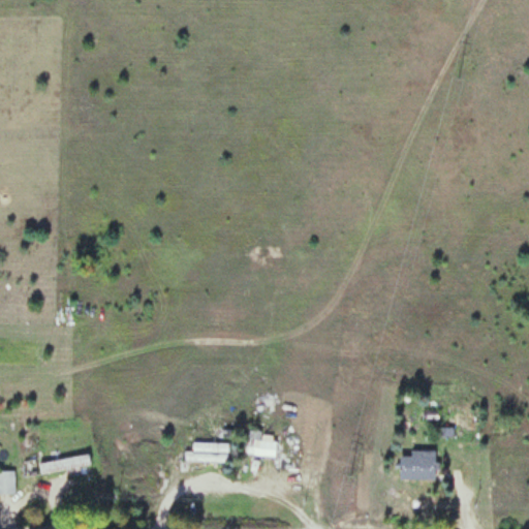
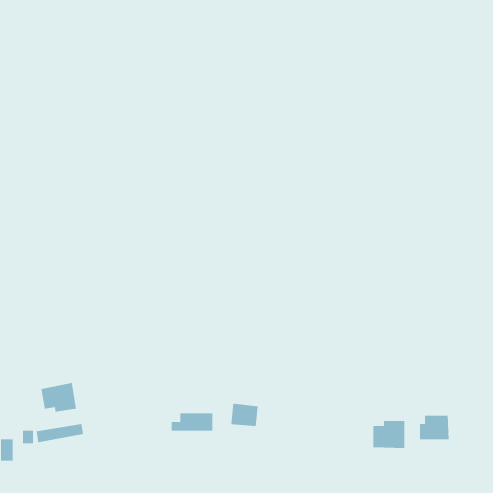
building: none -> [41,382,77,413]
building: none -> [419,415,449,440]

